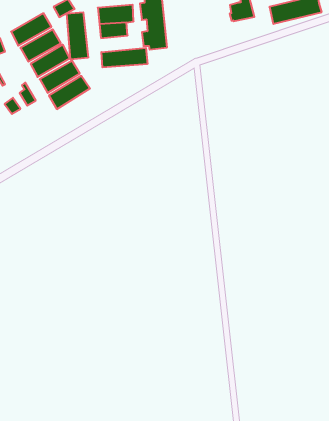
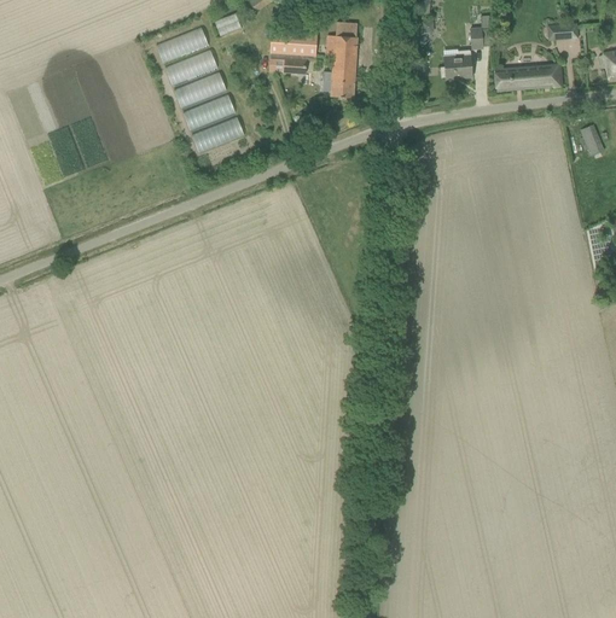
building: [67,12,88,60] -> none
building: [101,48,147,67] -> none

